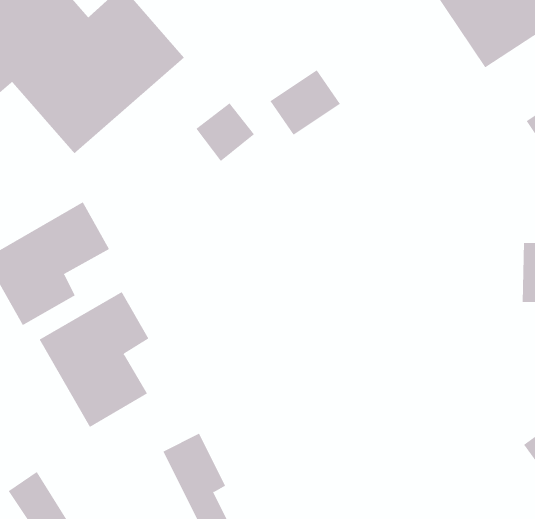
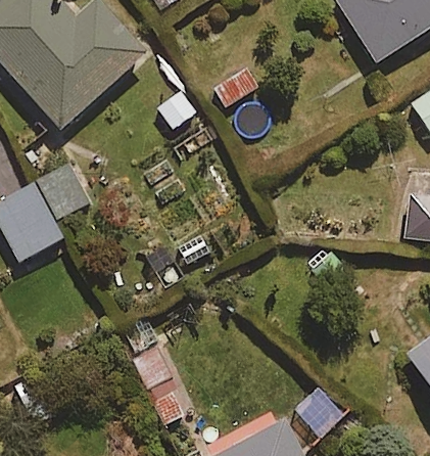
building: [39,291,149,428] -> none

